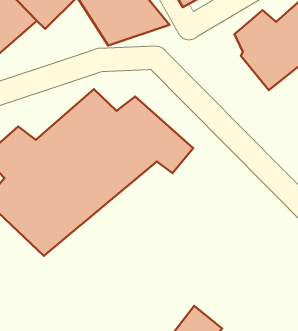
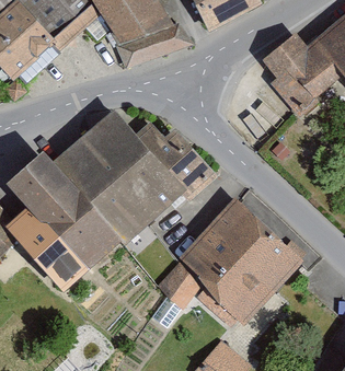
building: none -> [160,201,297,327]

